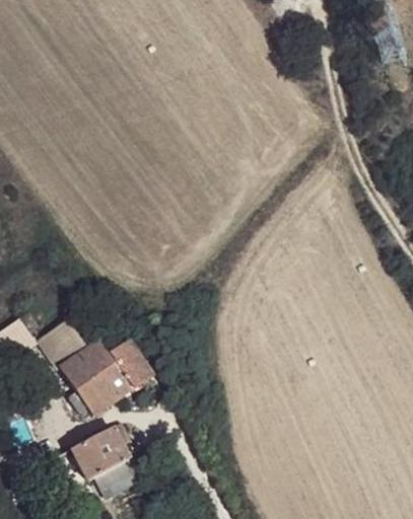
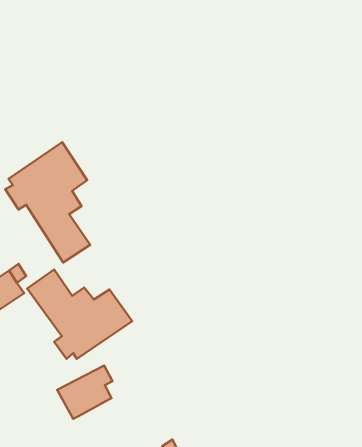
building: none -> [5,142,90,262]
building: [94,459,139,498] -> none

